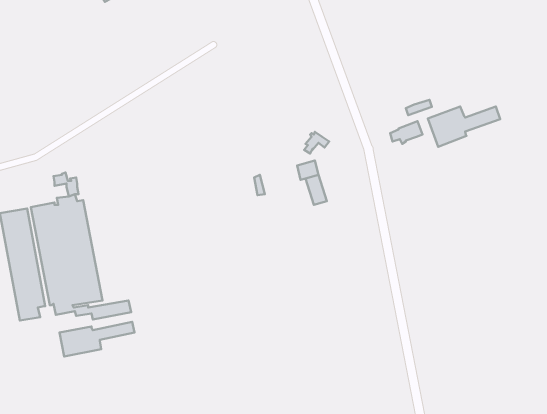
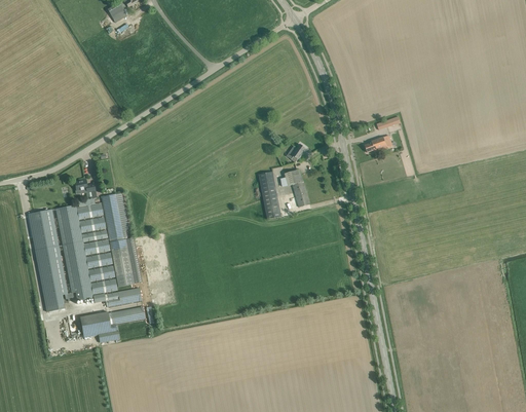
building: [428,106,500,147] -> none
building: none -> [258,172,280,218]
building: none -> [101,193,141,286]

